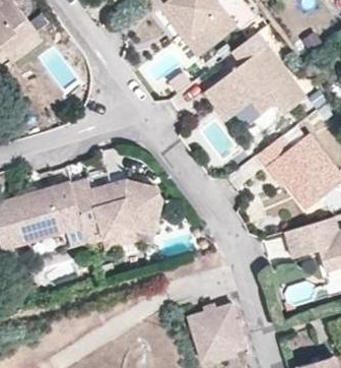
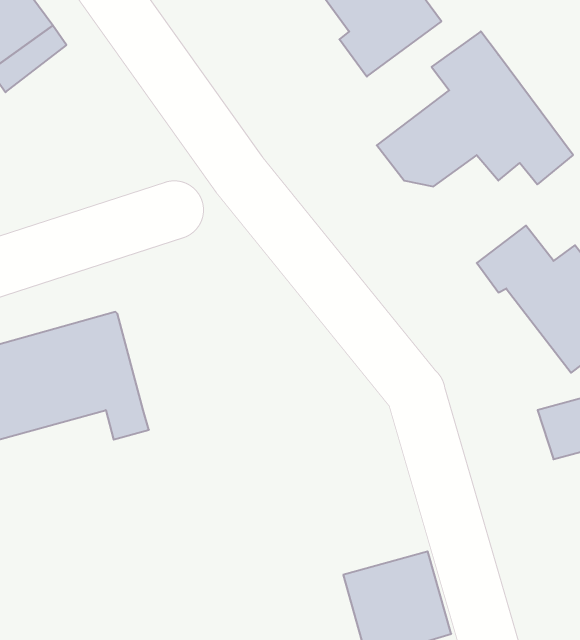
building: [70,177,161,238] -> none

